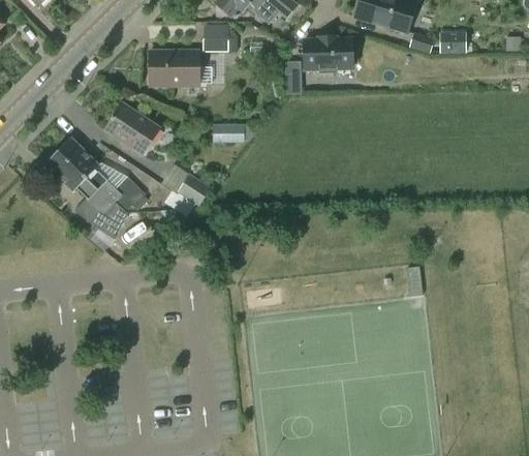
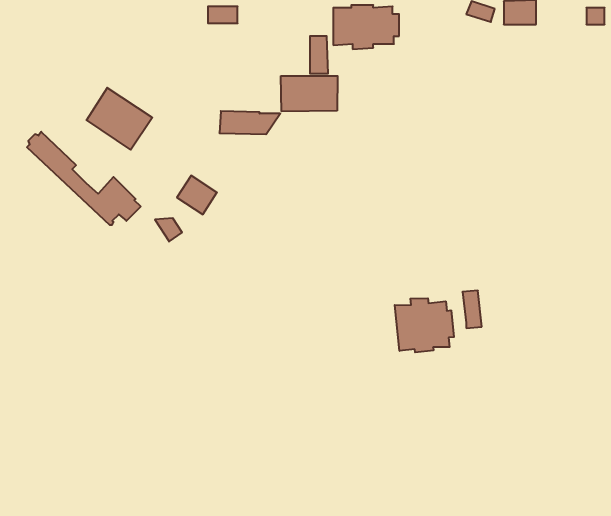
building: [150,51,198,85] -> none
building: none -> [281,76,338,111]
building: [46,151,127,238] -> none
building: none -> [395,298,454,352]

